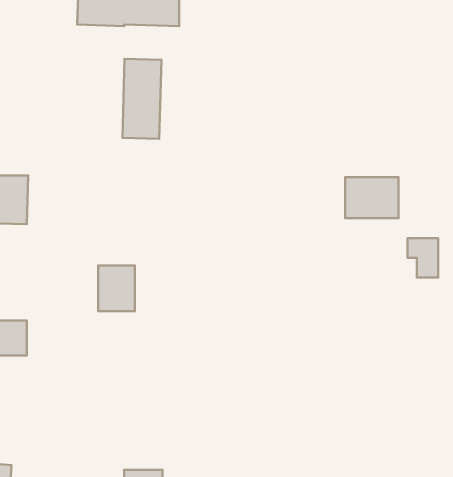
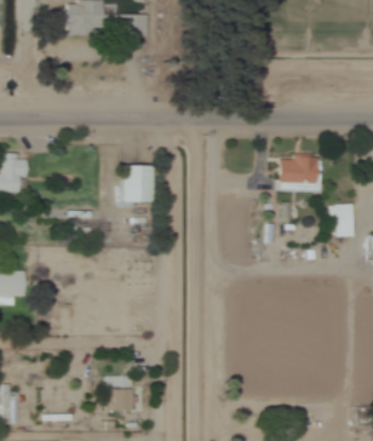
building: [122,59,161,139] -> none
building: [98,265,135,311] -> [120,166,149,202]

